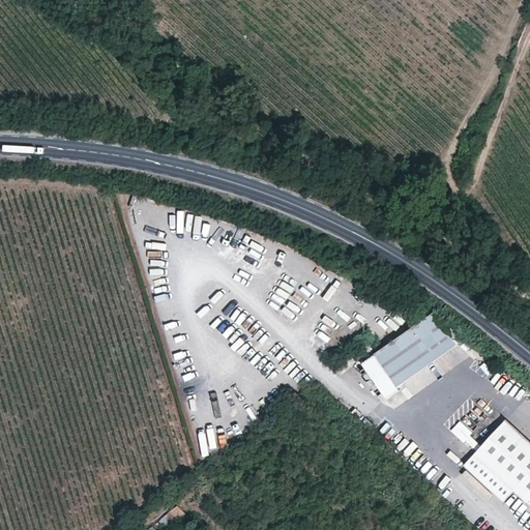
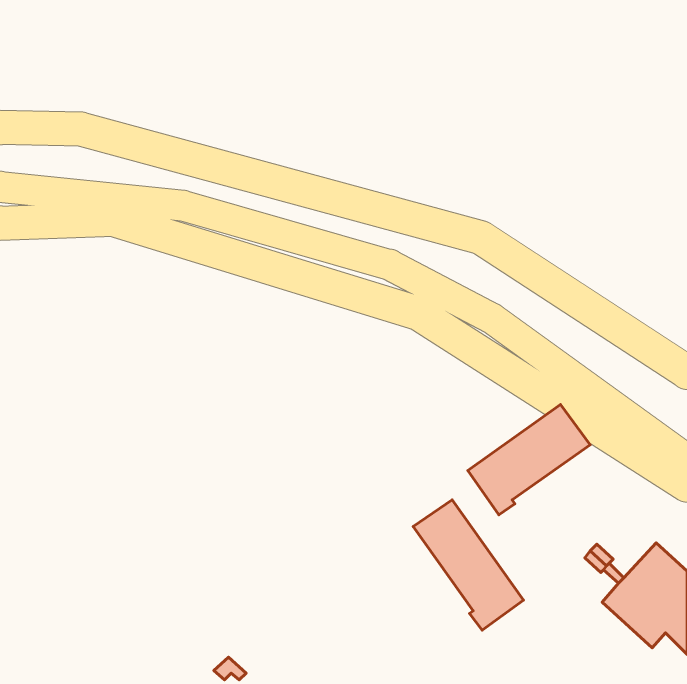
building: none -> [413,500,524,630]

